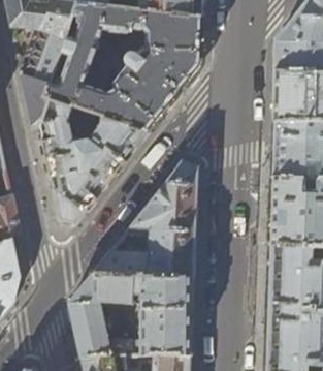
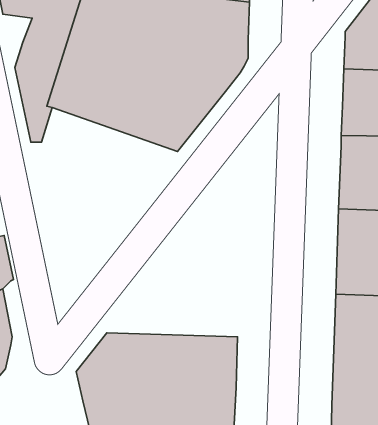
building: [38,97,146,221] -> none
building: [91,158,196,275] -> none

